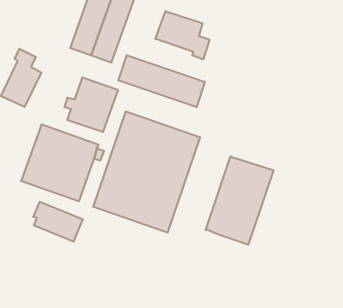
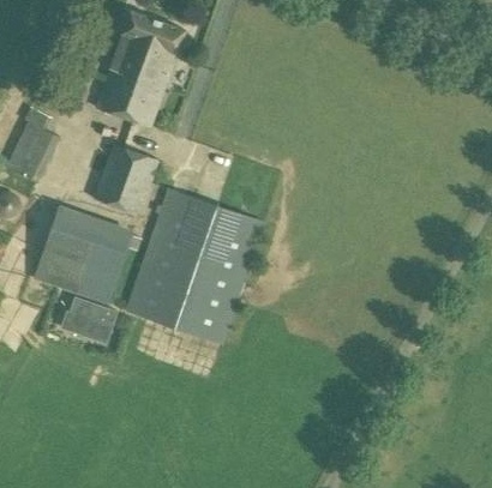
building: [155,11,210,59] -> none
building: [118,55,205,107] -> none
building: [206,156,273,245] -> none

